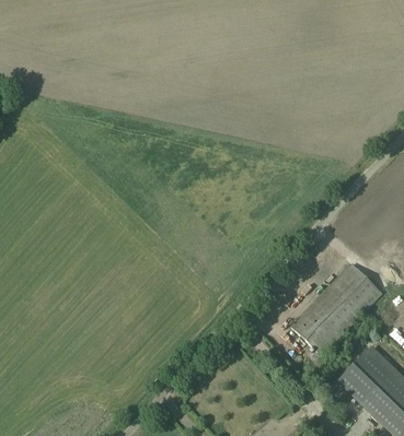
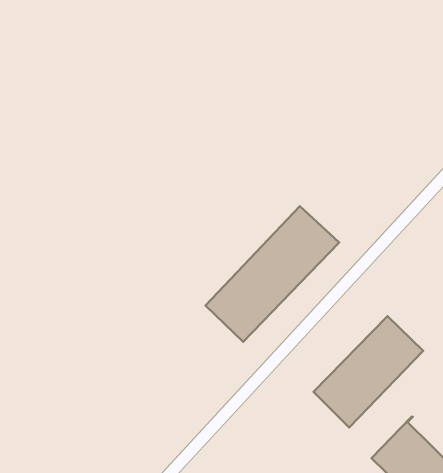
building: none -> [206,206,339,342]

